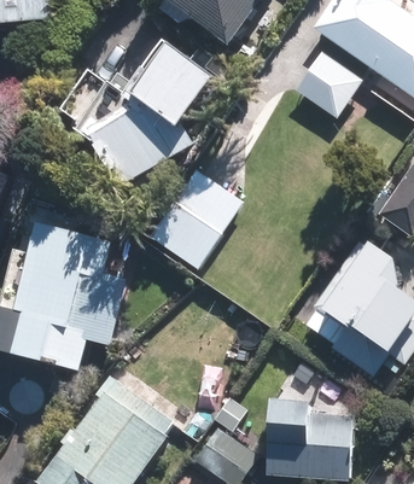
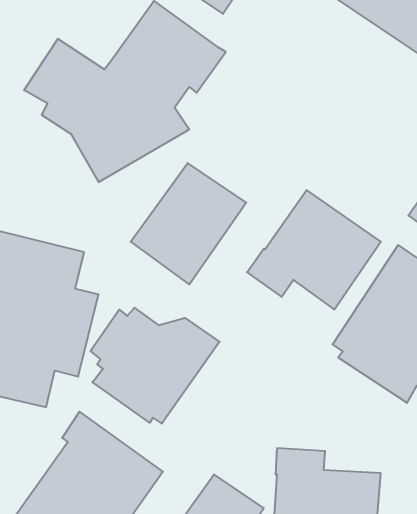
building: [296,49,363,116] -> none
building: none -> [247,190,381,310]
building: none -> [91,308,220,424]

